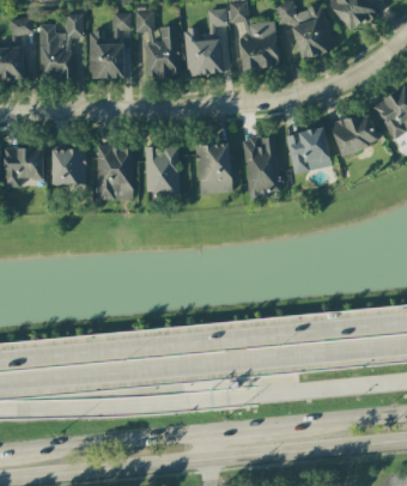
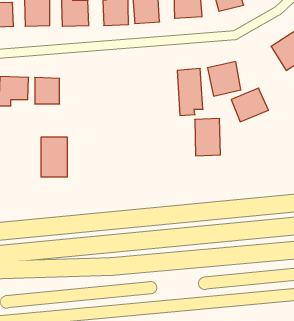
building: [329,111,379,157] -> [231,88,268,122]
building: [196,144,231,194] -> [195,119,220,156]
building: [96,146,132,200] -> [41,137,67,177]
building: [144,146,177,195] -> none

